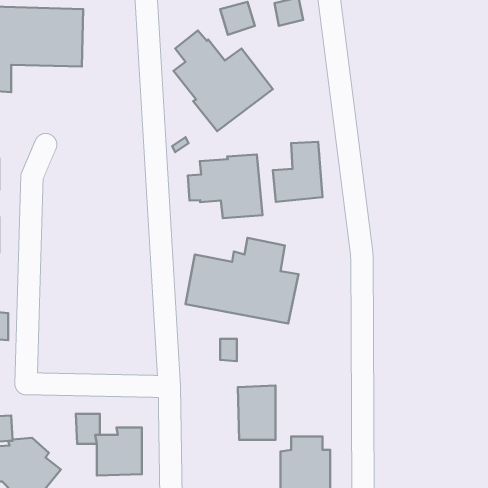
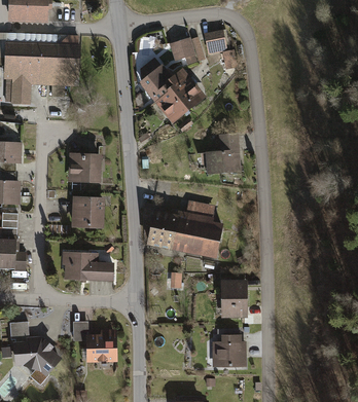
building: [188,154,262,218] -> none
building: none -> [67,155,101,187]
building: none -> [71,199,103,232]
building: none -> [63,255,112,284]
building: [238,386,275,440] -> [221,278,247,315]

